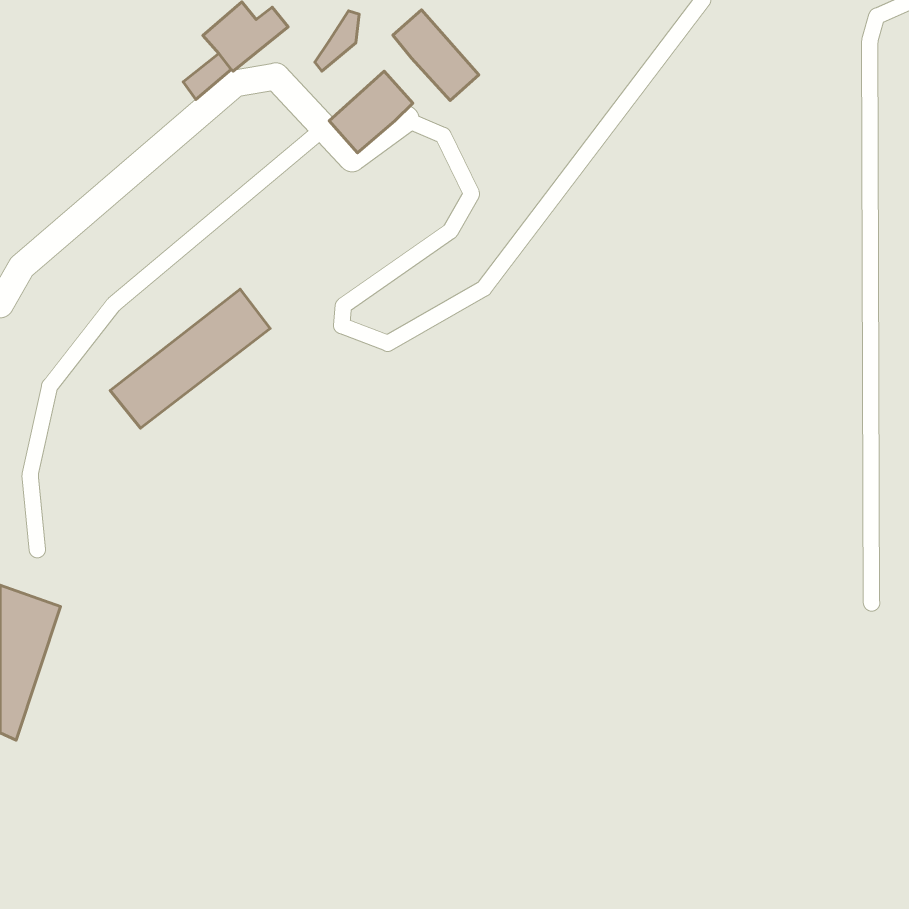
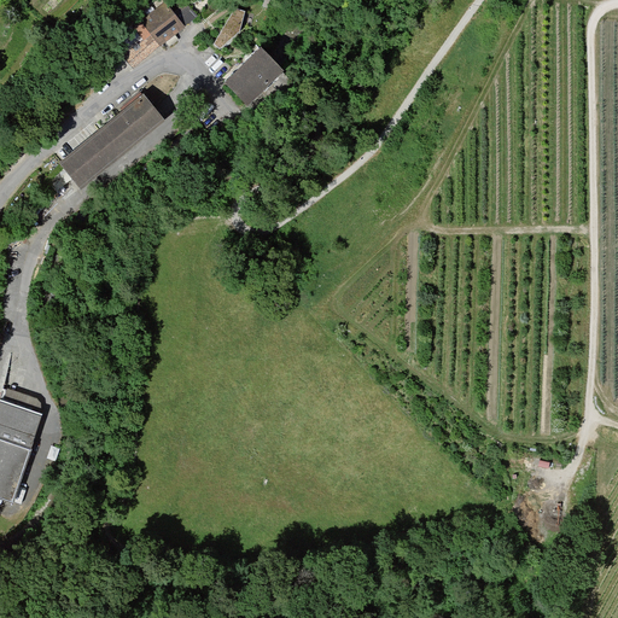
building: [393,10,479,101] -> none
building: [110,289,270,428] -> [57,94,165,188]

